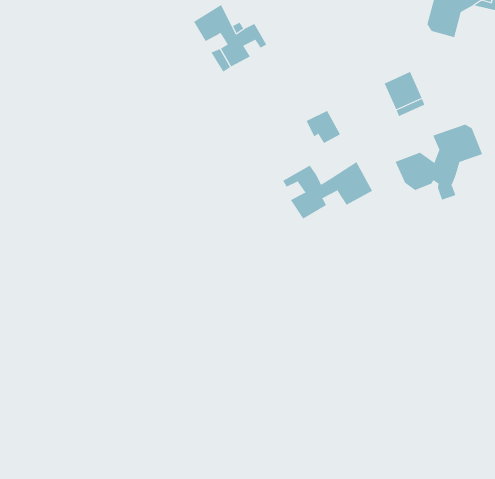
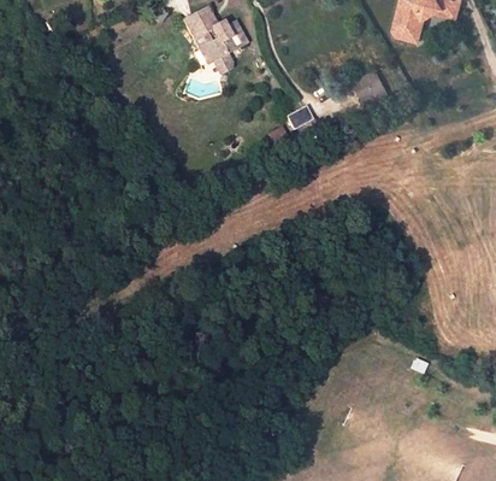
building: [395,124,483,200] -> none
building: [283,161,373,219] -> none

